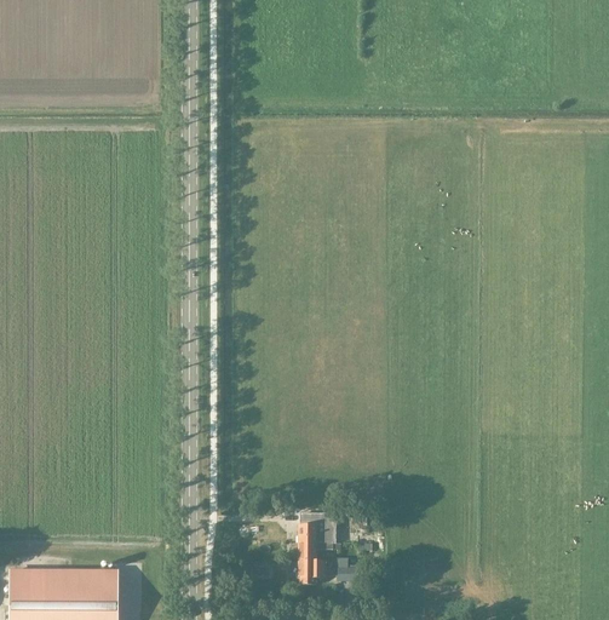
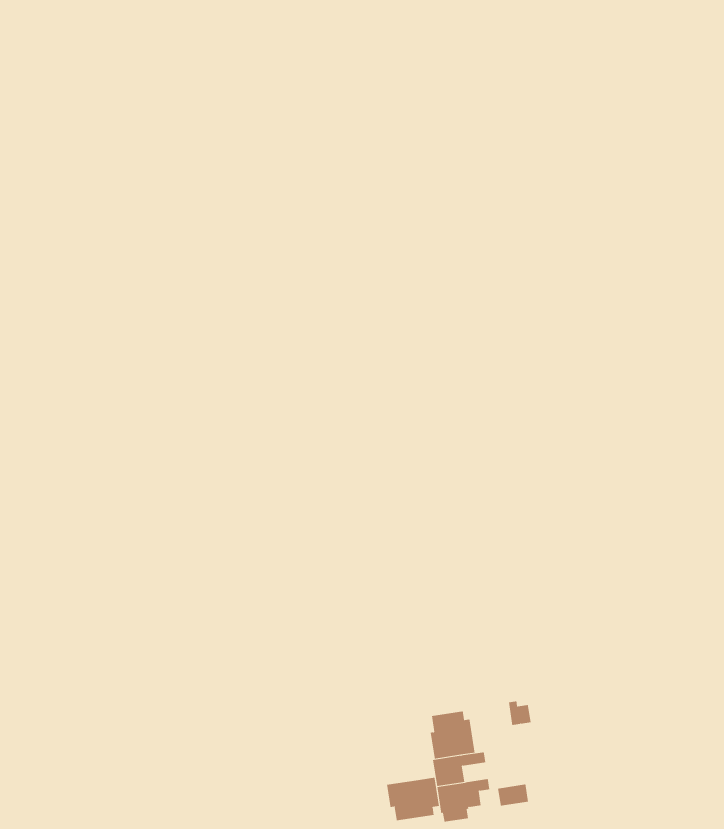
building: none -> [386,777,439,821]

